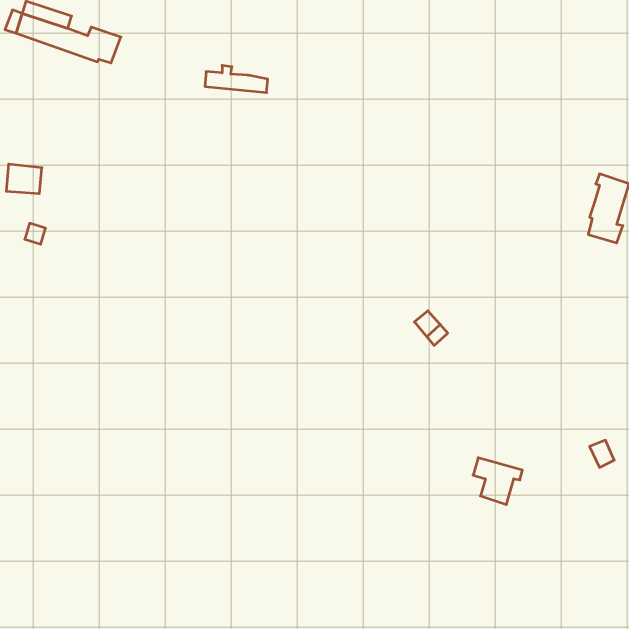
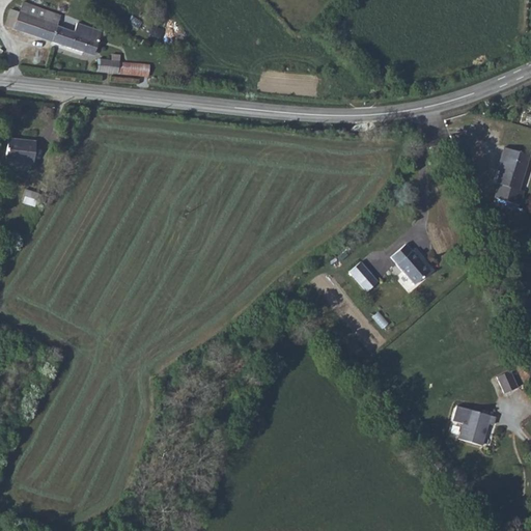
building: [205,65,268,93] -> [97,53,150,76]
building: none -> [391,243,430,284]
building: [473,458,522,505] -> [453,406,495,445]

